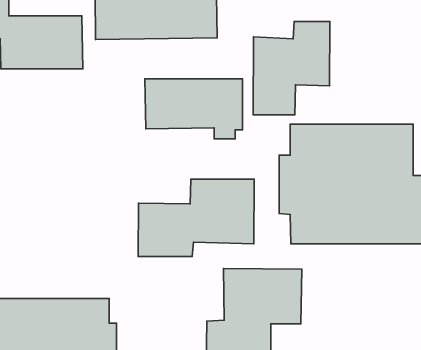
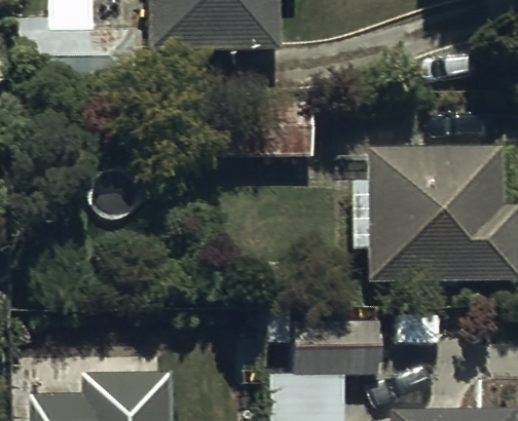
building: [253,21,330,115] -> none
building: [138,179,254,257] -> none

